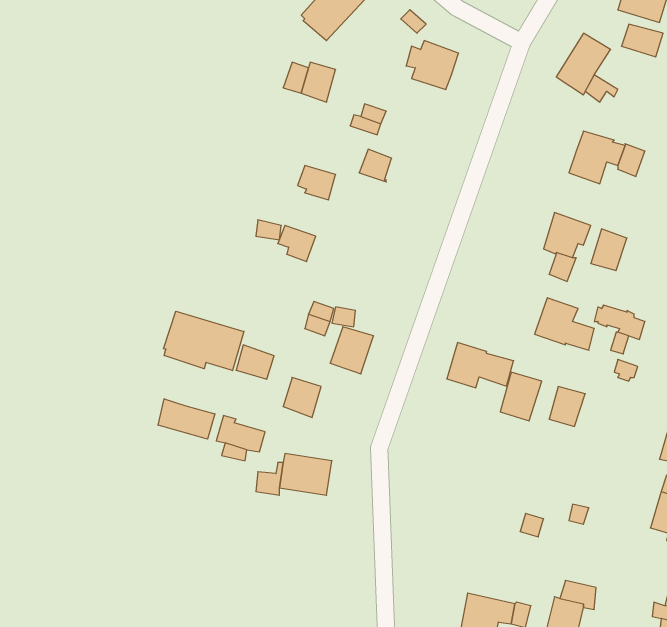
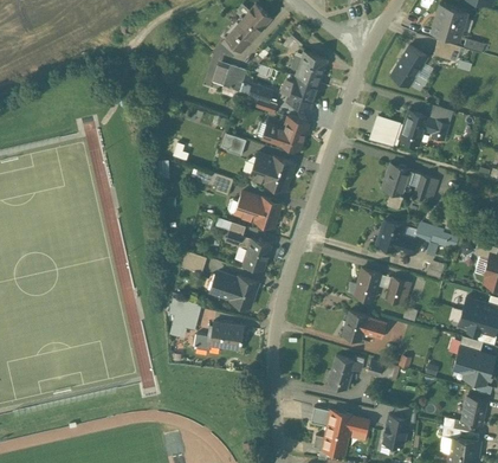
building: none -> [284,77,318,109]
building: none -> [369,116,403,147]
building: none -> [278,117,308,150]
building: none -> [250,153,293,191]
building: none -> [235,192,280,227]
building: [163,311,244,371] -> none
building: [447,343,514,388] -> [342,311,386,341]
building: none -> [229,277,258,307]
building: [158,399,215,439] -> none
building: none -> [326,356,362,390]

